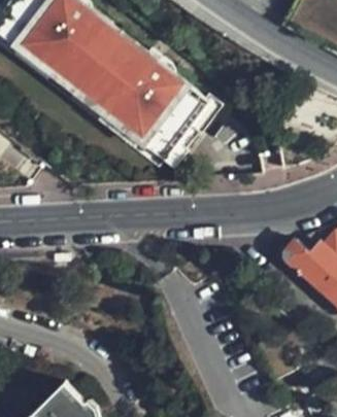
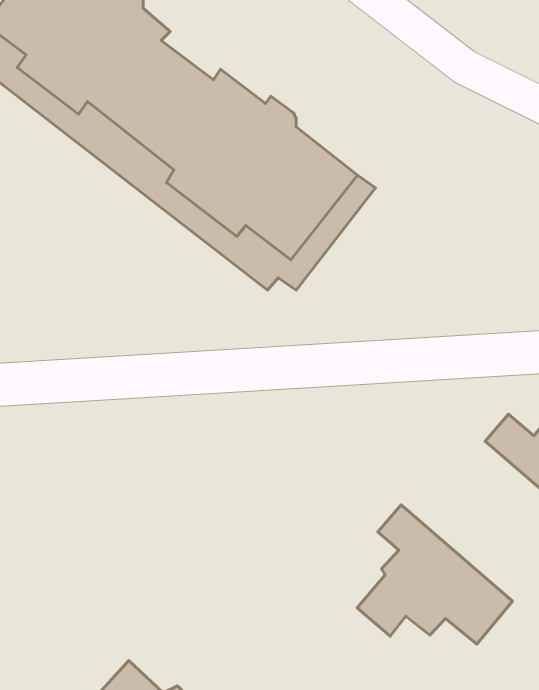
building: none -> [357,505,513,644]

